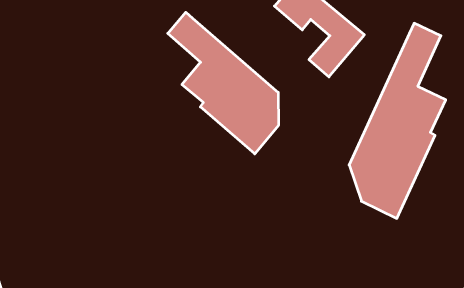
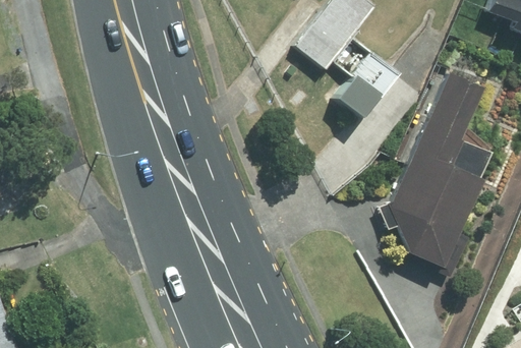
building: [168,12,278,154] -> none

